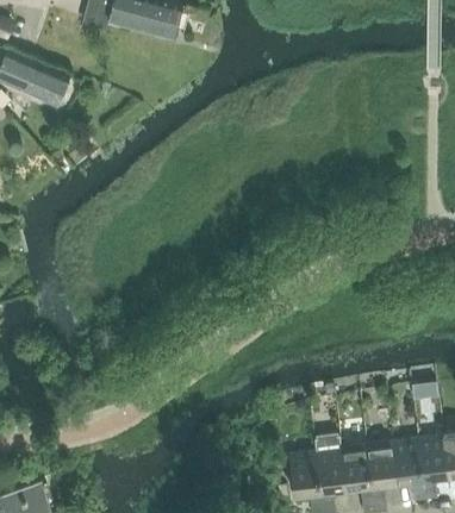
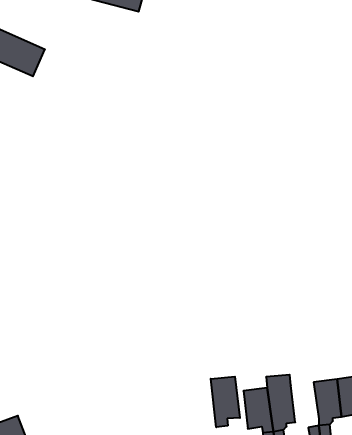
building: none -> [211,377,240,427]
building: [342,446,373,490] -> none

